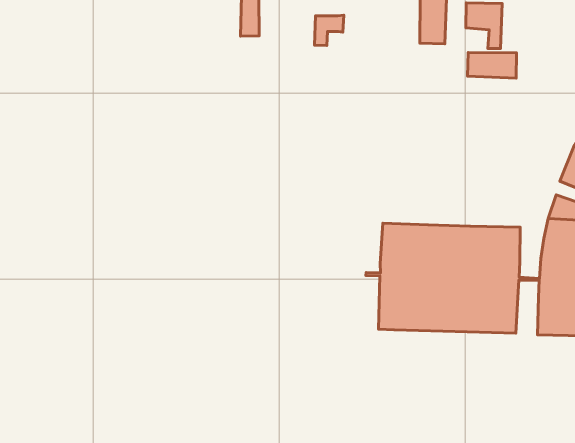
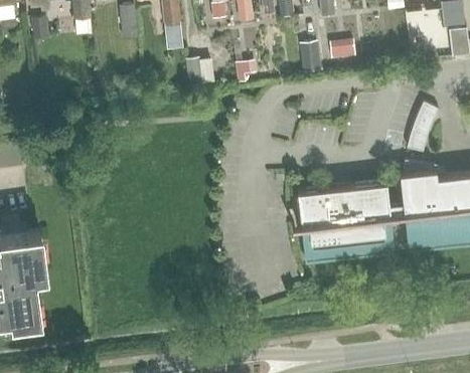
building: [468,53,517,78] -> none

